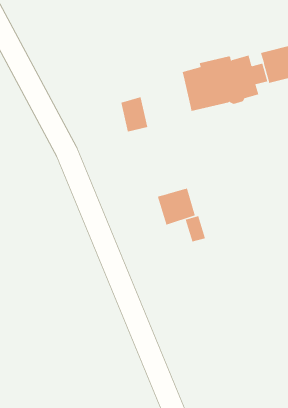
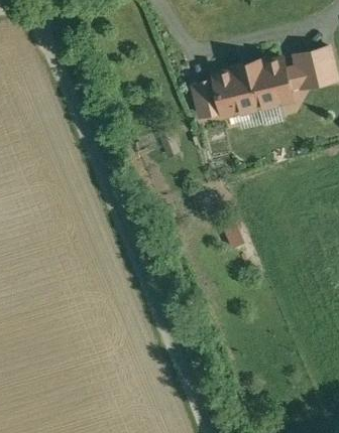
building: [120,96,148,132] -> [195,80,223,116]
building: [157,187,196,226] -> none

